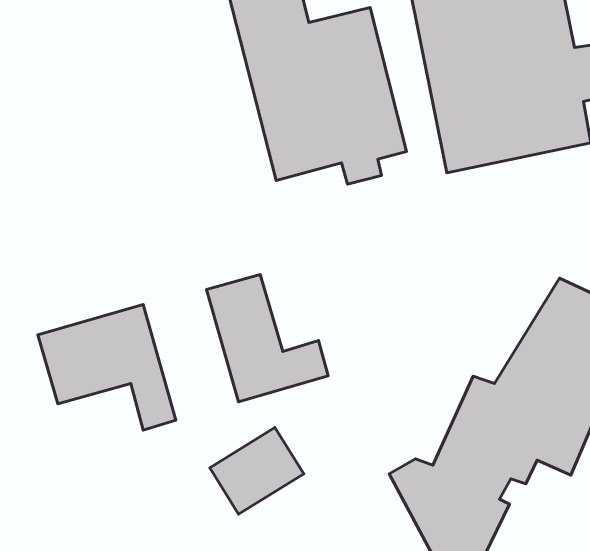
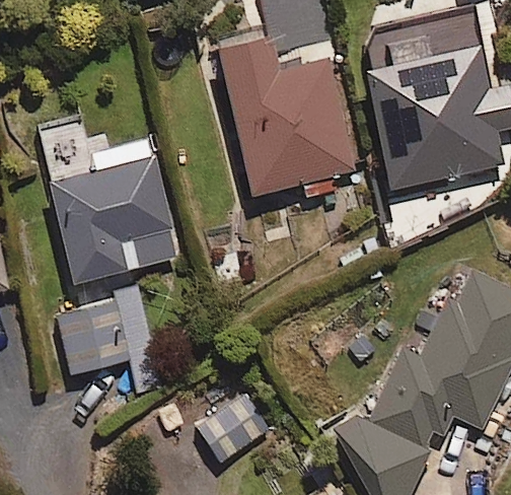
building: none -> [39,115,178,280]
building: [206,275,328,402] -> none

